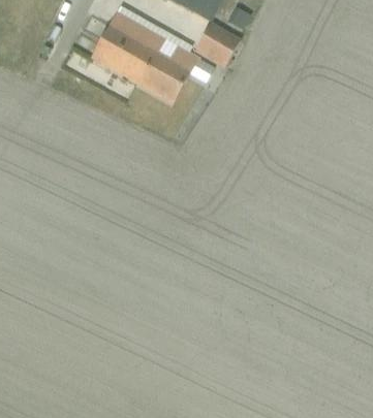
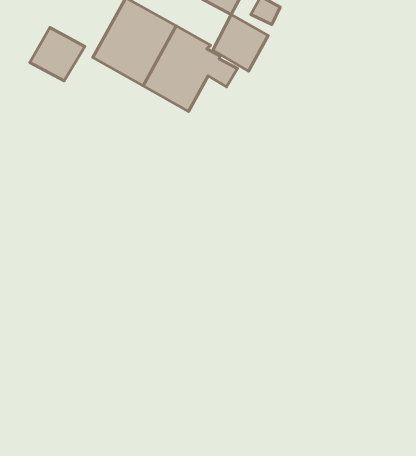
building: none -> [30,27,85,81]

